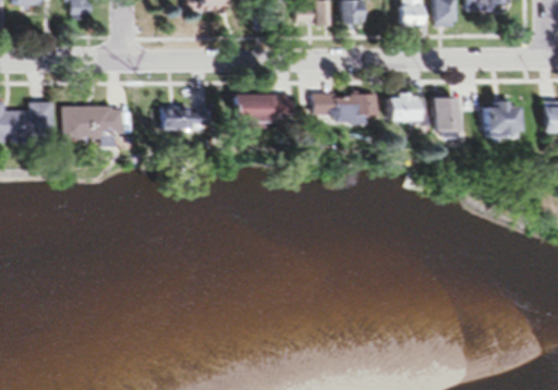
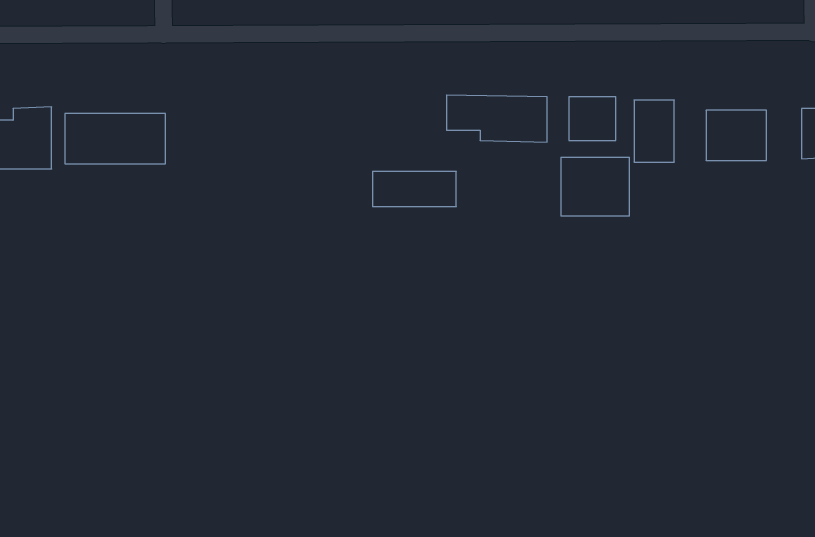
building: [238,95,292,118] -> [373,171,456,207]
building: [160,107,210,131] -> none
building: none -> [561,157,629,216]

